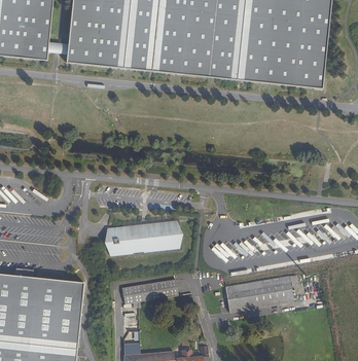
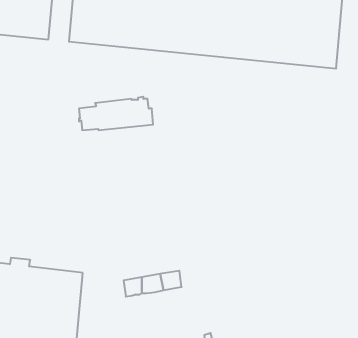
building: [107,221,178,253] -> [79,97,153,130]
building: [224,277,293,313] -> none

